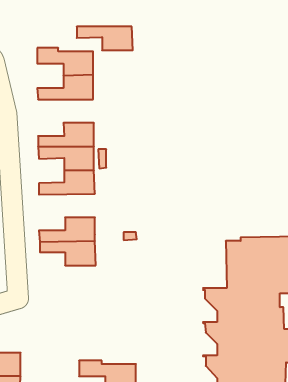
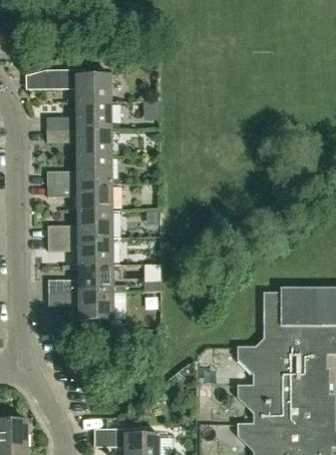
building: [77,27,133,50] -> [47,129,111,156]
building: none -> [48,238,112,265]

